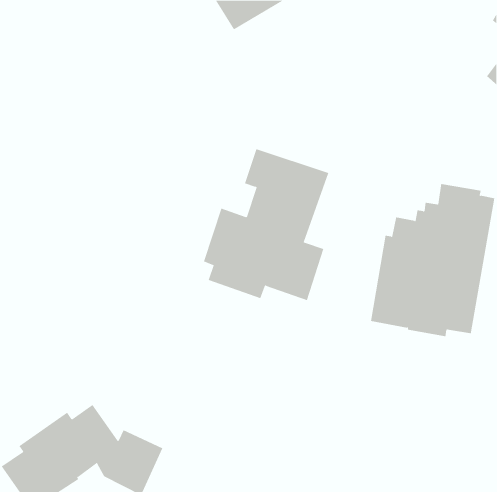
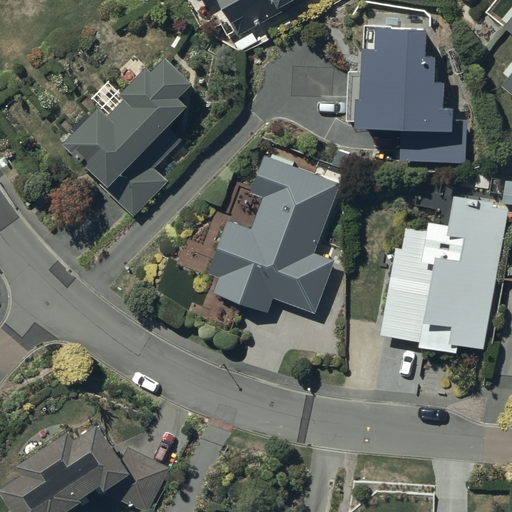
building: none -> [355,22,465,165]
building: none -> [62,57,191,224]

